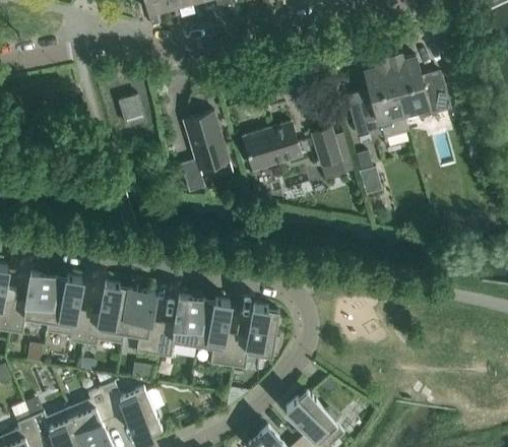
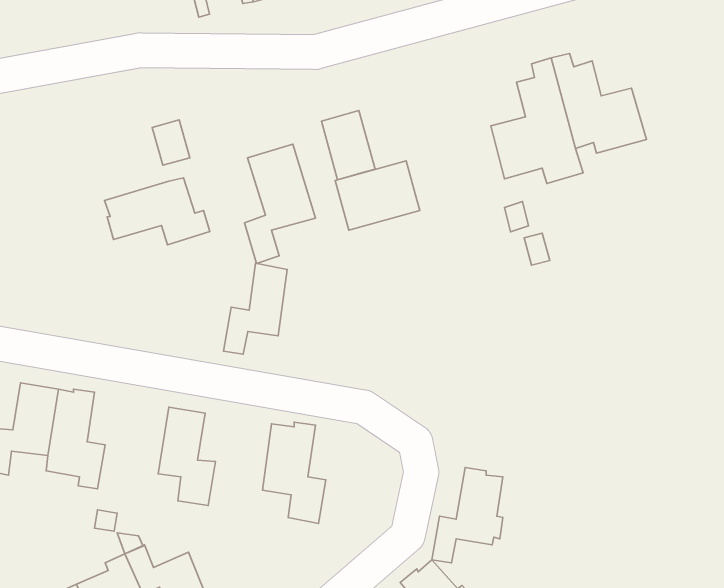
building: none -> [321,111,375,180]
building: [310,130,338,167] -> none
building: none -> [105,178,210,245]
building: [82,282,130,345] -> none
building: [156,296,199,357] -> [224,263,287,354]
building: [231,305,278,369] -> [432,468,503,563]

